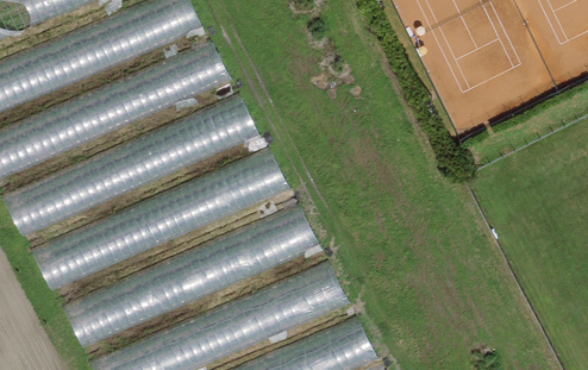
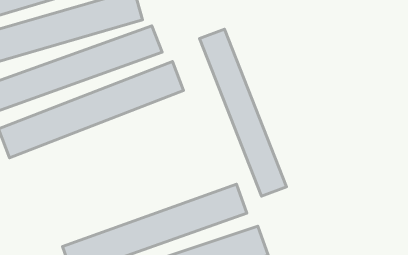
building: none -> [199,29,286,196]
building: [30,153,287,284] -> none
building: [61,209,317,344] -> none

